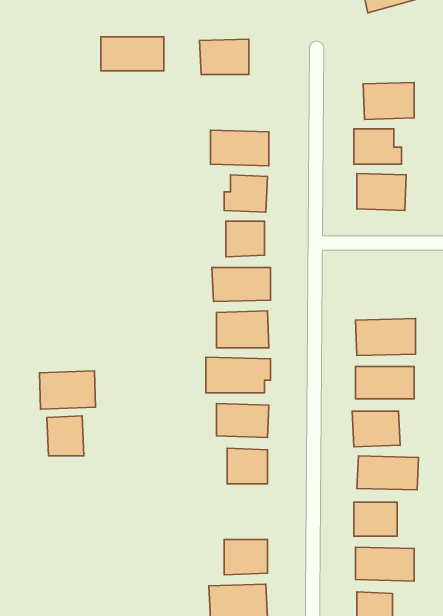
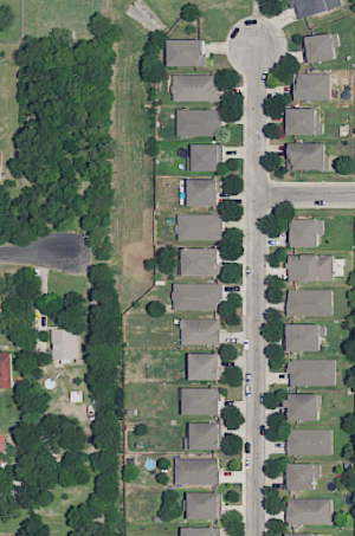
building: none -> [302,33,335,64]
building: [101,37,164,71] -> [172,75,220,101]
building: none -> [288,219,317,247]
building: [40,371,95,409] -> none
building: none -> [181,387,220,415]

